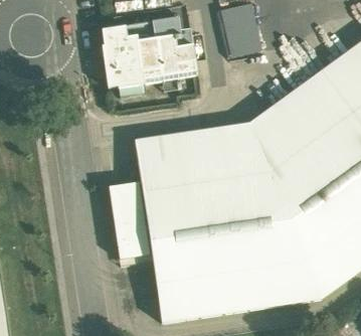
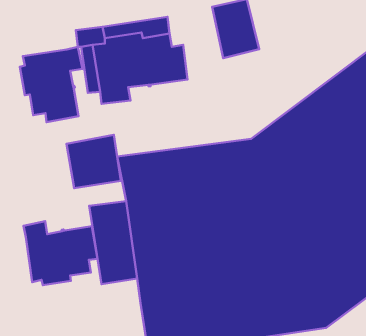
building: none -> [20,47,83,122]
building: none -> [67,135,121,188]
building: none -> [24,221,97,285]

